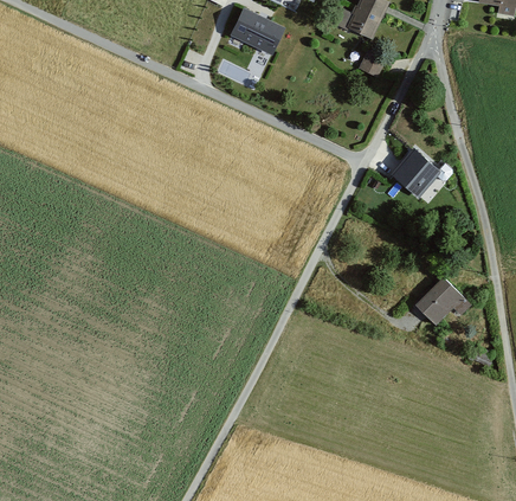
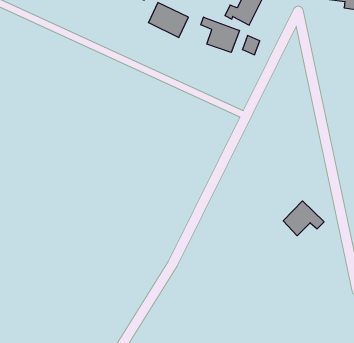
building: none -> [201,17,239,52]
building: [392,149,439,197] -> none

